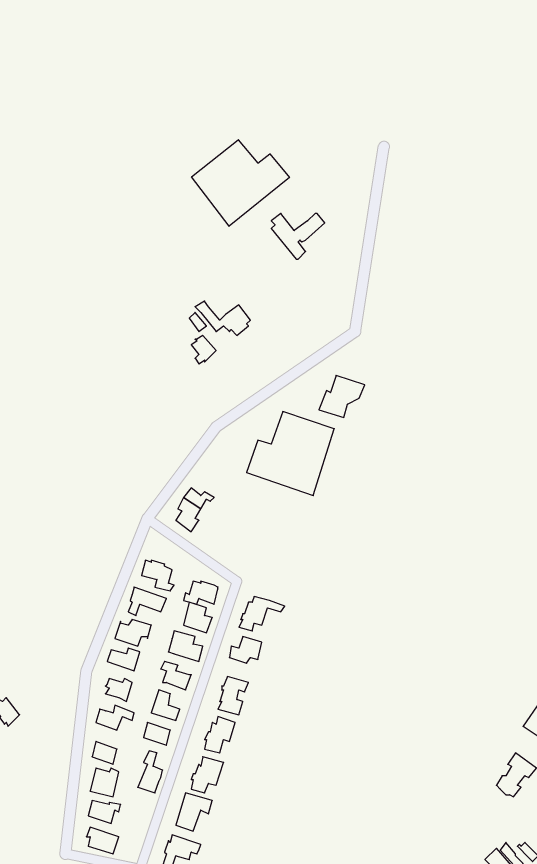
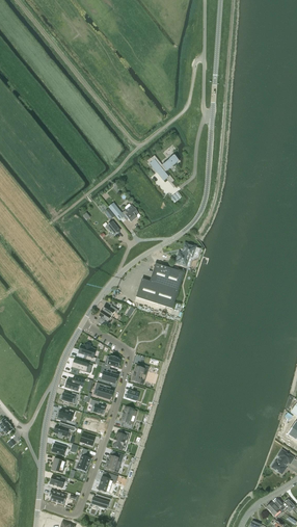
building: [192,140,289,226] -> none

